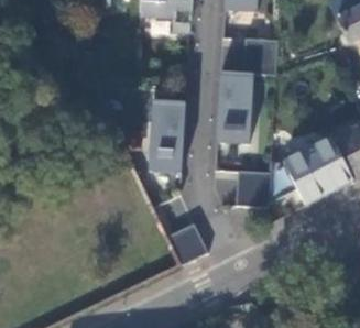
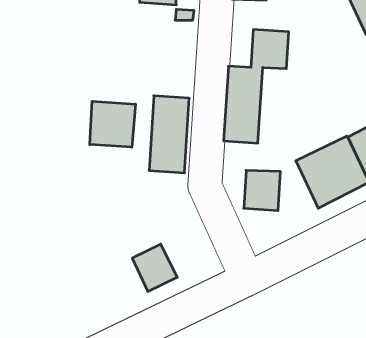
building: none -> [90,101,135,147]
building: [167,221,209,265] -> [132,244,177,291]

